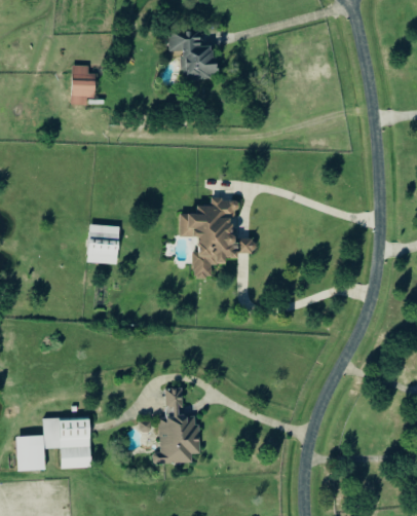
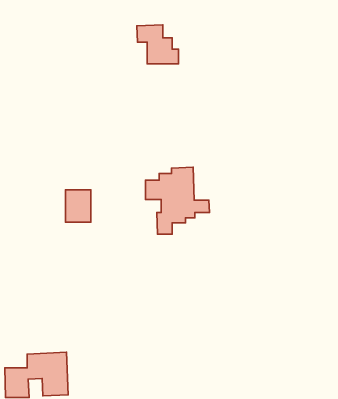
building: [69,65,92,104] -> none
building: [153,386,200,463] -> none

